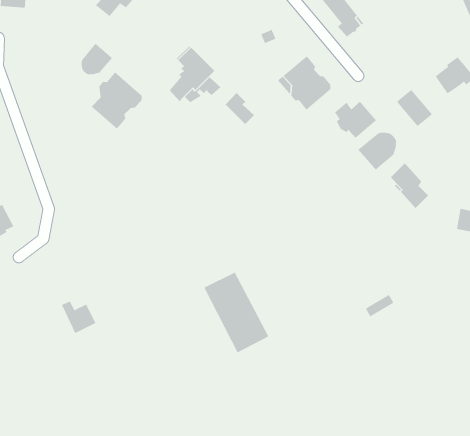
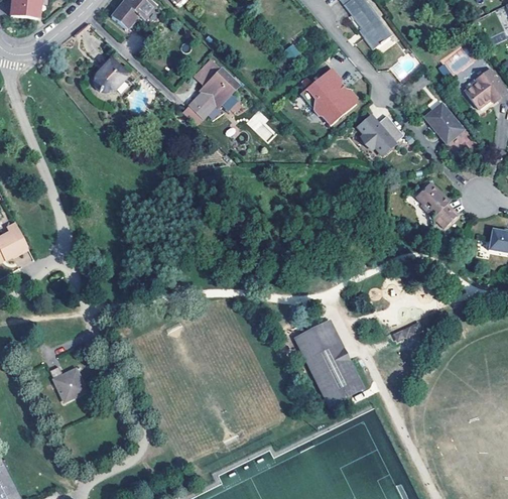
building: [91,72,142,129] -> none
building: [357,132,396,171] -> none
building: [203,272,269,353] -> [290,323,359,407]
building: [61,301,96,334] -> [50,368,87,402]

